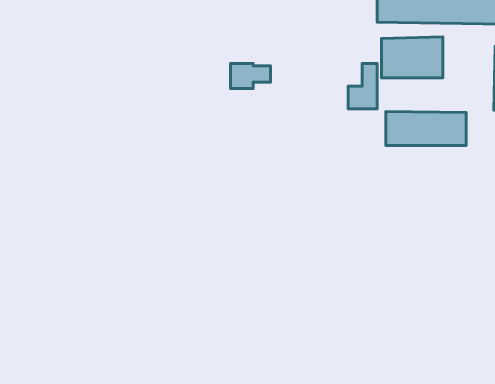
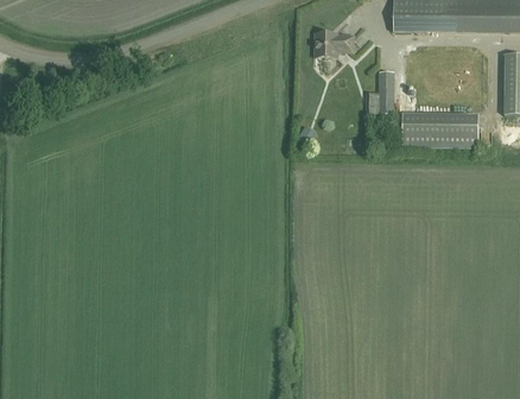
building: [382,37,443,78] -> none
building: [230,63,271,89] -> [315,31,353,55]

